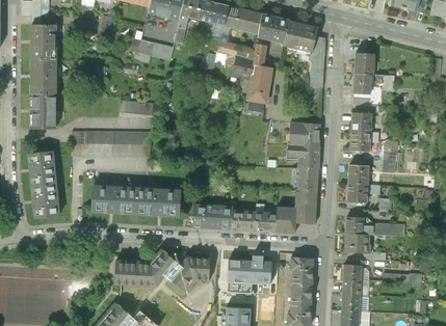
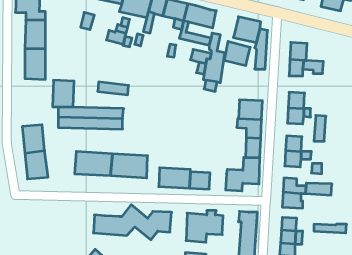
building: [258,13,290,43] -> [224,41,250,65]
building: [30,96,56,128] -> [53,80,74,107]
building: [255,210,276,230] -> none

